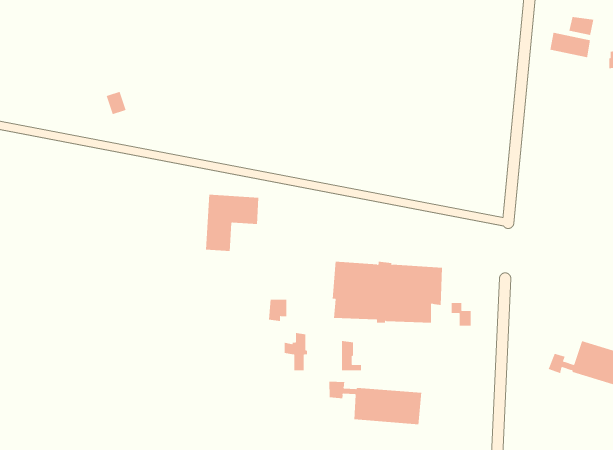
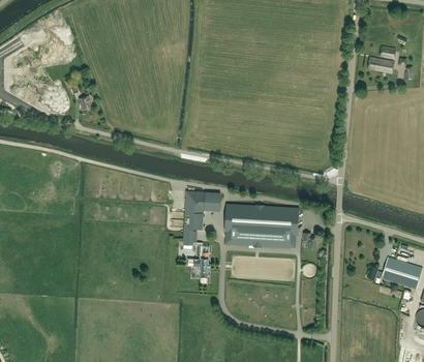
building: [205,194,259,252] -> [185,190,220,228]
building: [329,381,422,425] -> none

